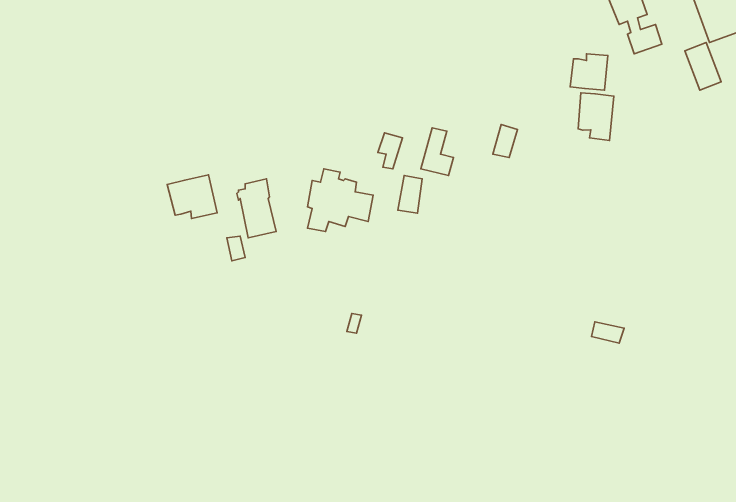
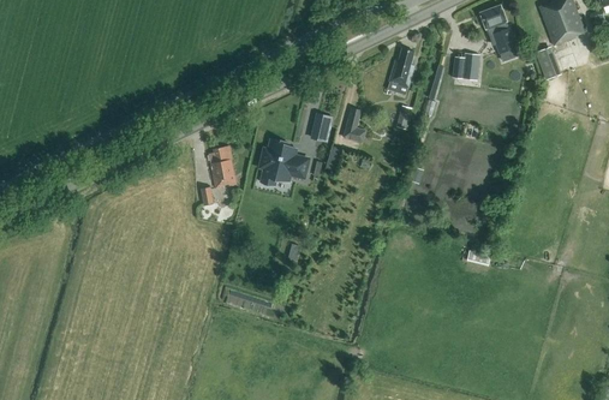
building: none -> [389,48,414,88]
building: [578,93,614,140] -> none
building: [167,175,217,218] -> none

